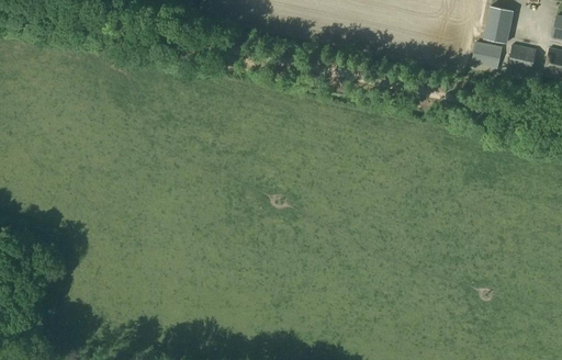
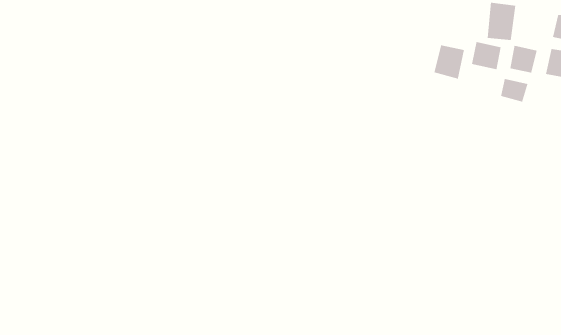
building: none -> [434,45,465,79]
building: none -> [500,78,528,102]

